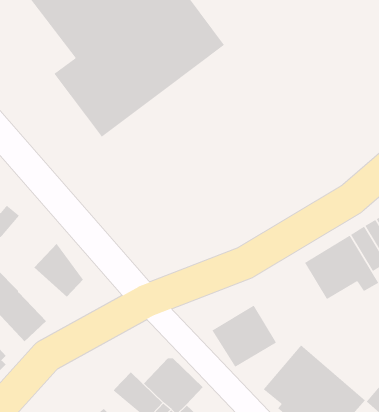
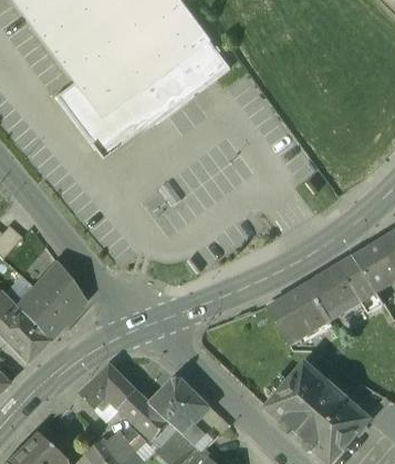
building: none -> [20,287,71,340]
building: [211,305,276,368] -> [263,282,328,344]
building: none -> [75,363,134,409]

